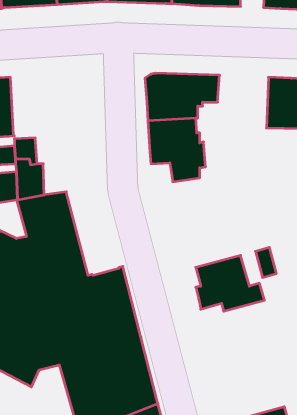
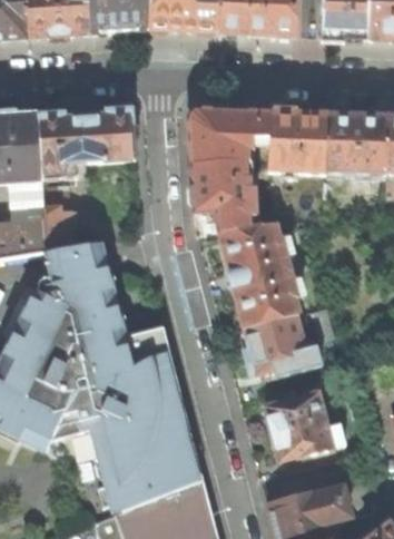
building: none -> [38,108,135,178]
building: none -> [268,111,326,173]
building: none -> [219,223,298,326]
building: none -> [265,393,345,460]

